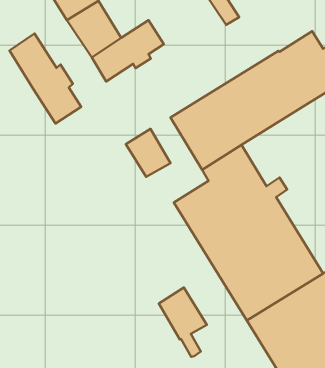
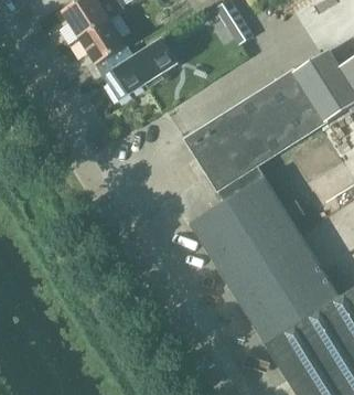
building: [10,33,81,123] -> none
building: [126,129,170,177] -> none
building: [159,288,207,357] -> none

